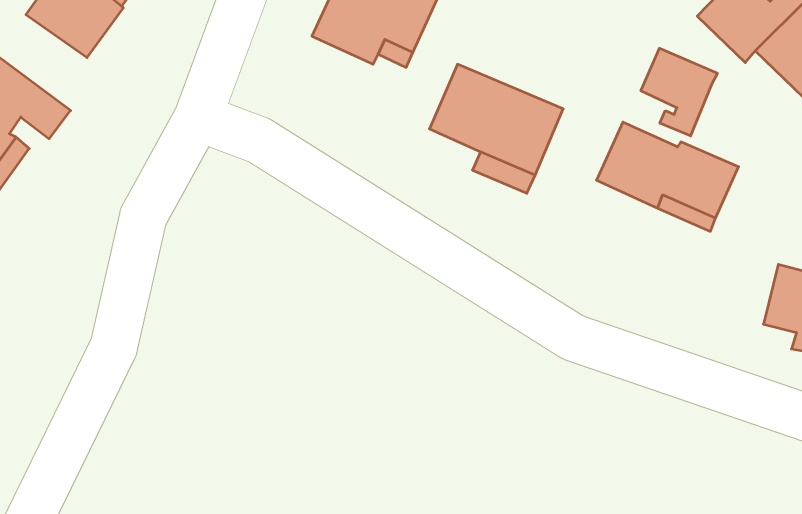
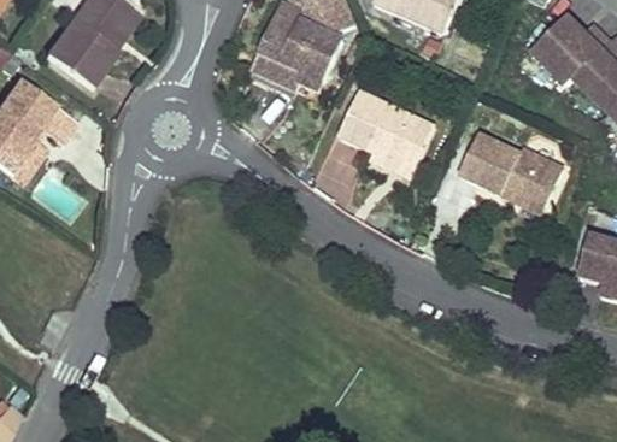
building: [641,48,717,136] -> none

